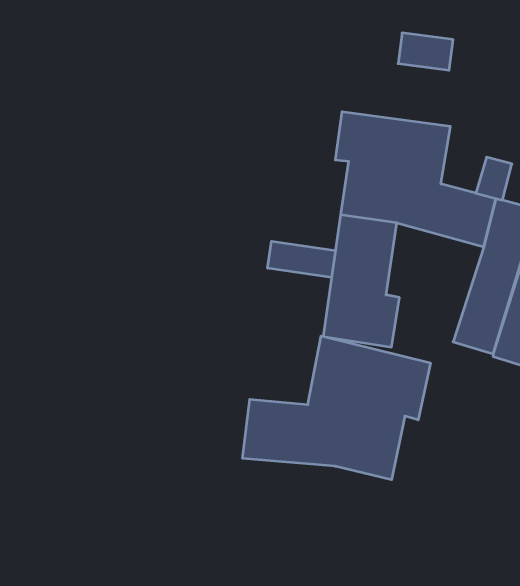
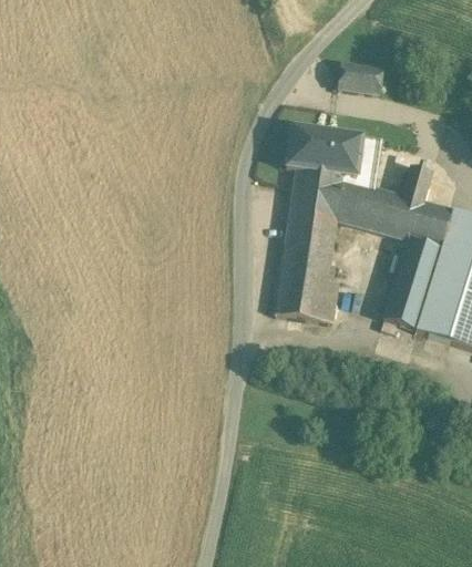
building: [268,241,336,277] -> none
building: [243,336,430,480] -> none

